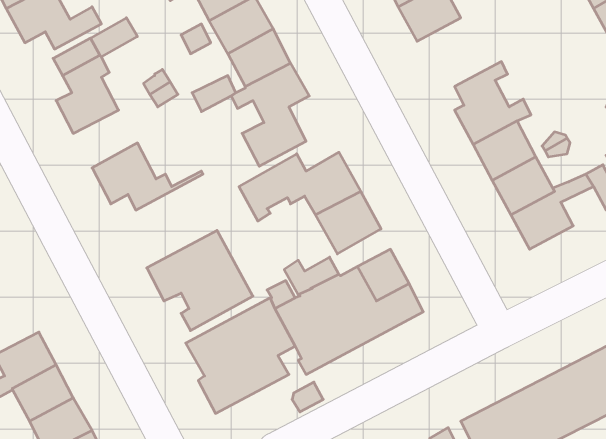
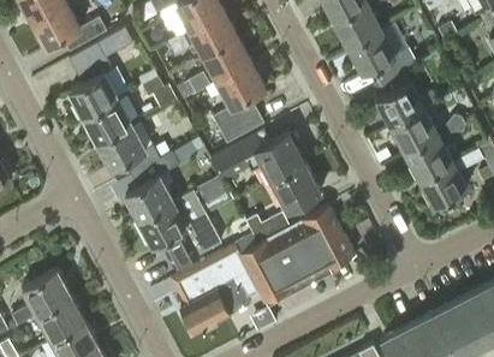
building: none -> [347,30,415,83]
building: none -> [83,101,132,145]
building: none -> [125,150,194,222]

